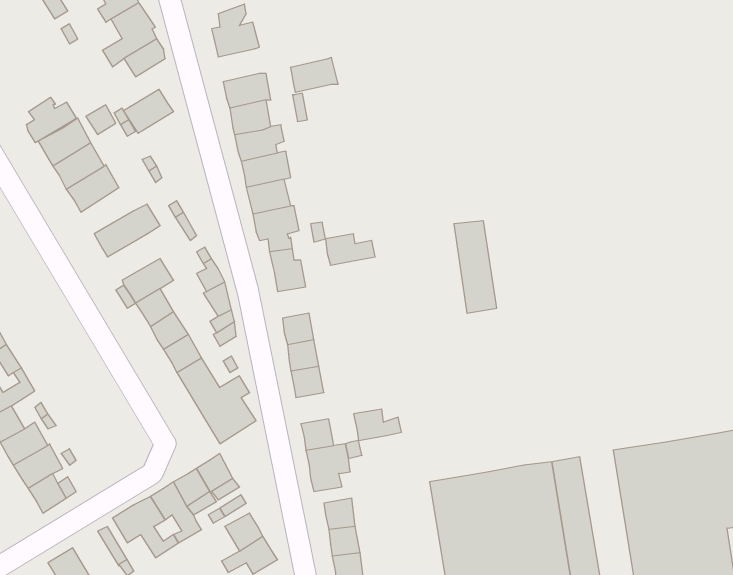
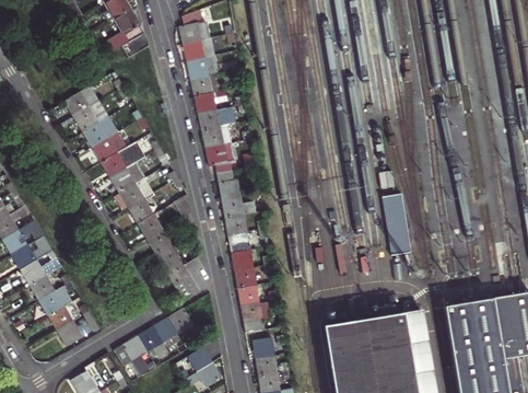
building: [290,58,338,92] -> [184,38,215,61]
building: [124,89,174,133] -> none
building: [26,97,76,143] -> none
building: none -> [93,131,128,162]
building: [454,221,497,313] -> [383,195,411,256]
building: none -> [110,162,146,193]
building: [326,234,375,265] -> [223,197,256,218]
building: [354,409,402,440] -> [235,267,267,288]

